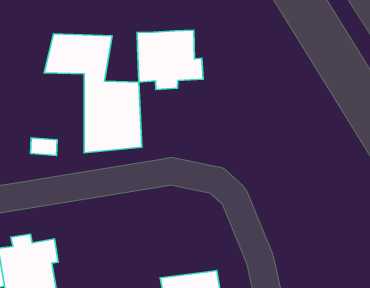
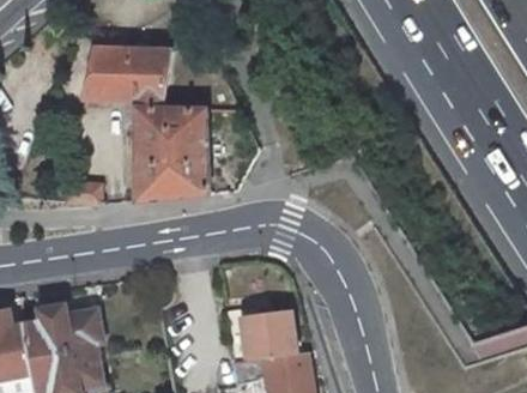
building: [137,30,203,89] -> none
building: none -> [230,307,298,361]

